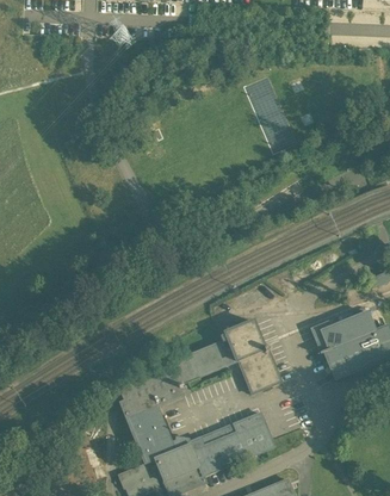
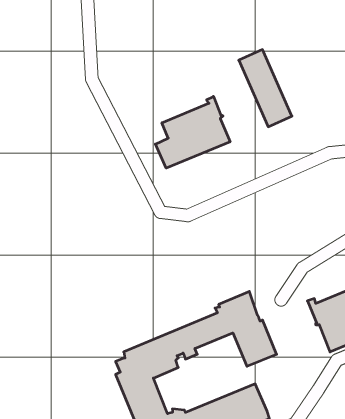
building: none -> [155,96,230,168]

